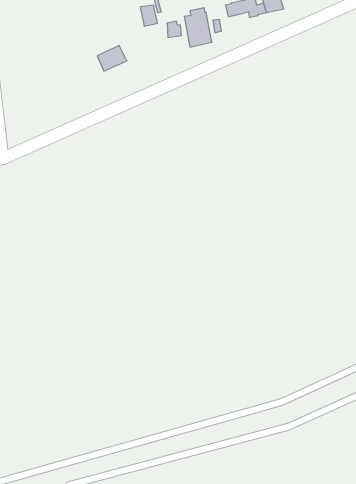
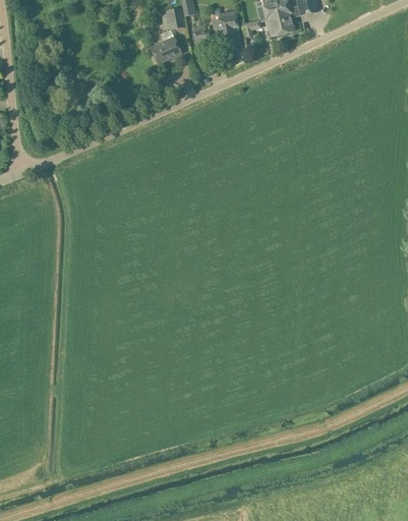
building: none -> [266,13,294,35]
building: [97,45,127,71] -> [151,35,182,62]

